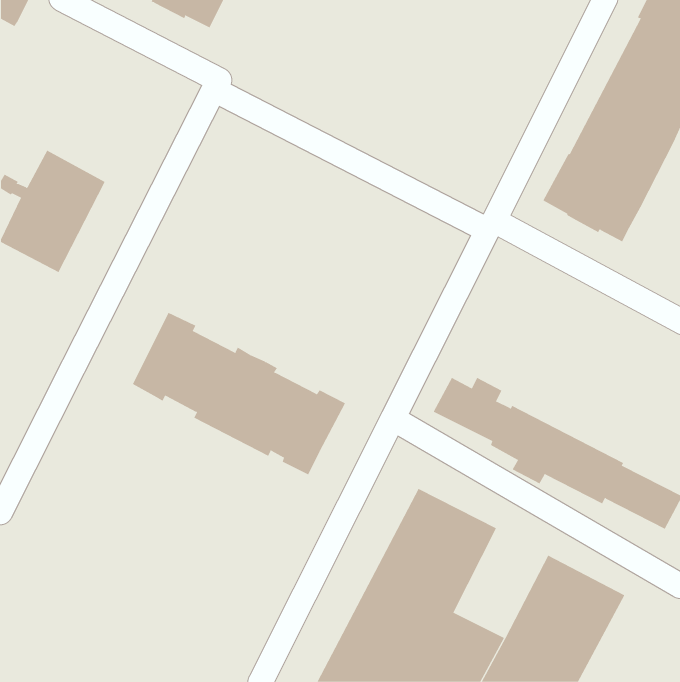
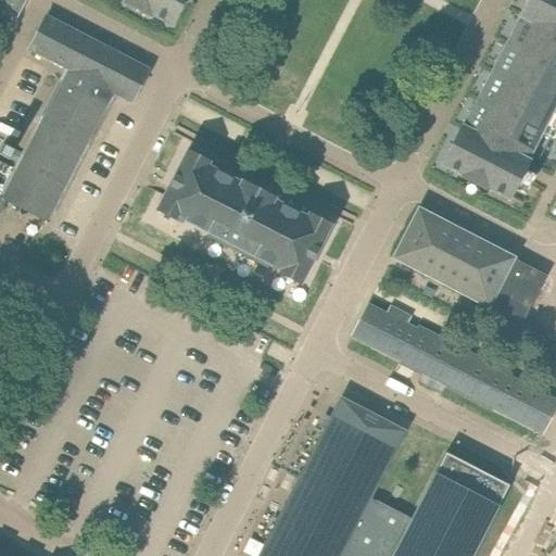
building: none -> [30,14,151,148]
building: none -> [394,207,546,320]
building: [132,312,346,475] -> [159,150,332,282]

